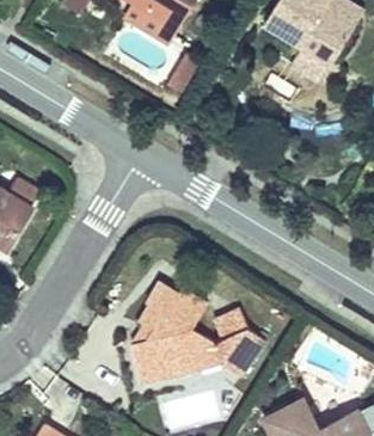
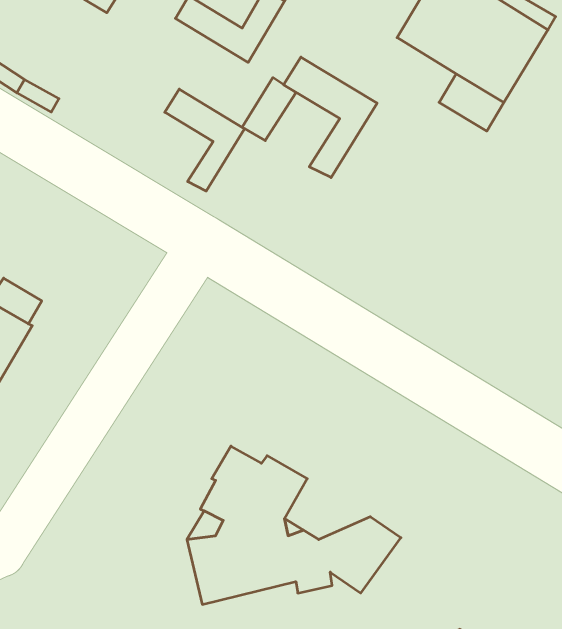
building: none -> [284,57,377,178]
building: none -> [165,89,245,191]

